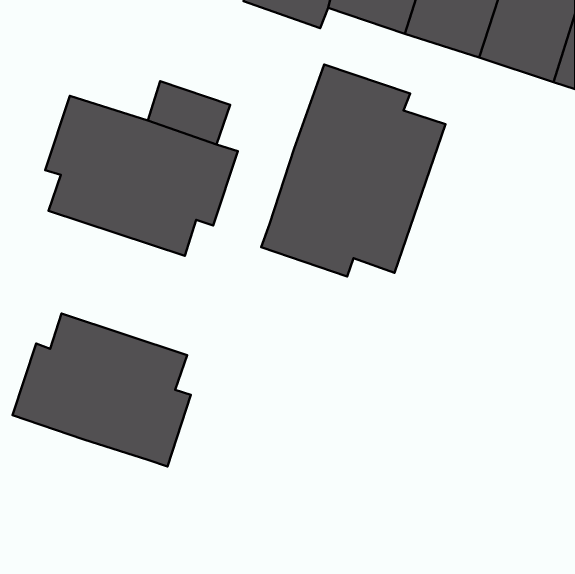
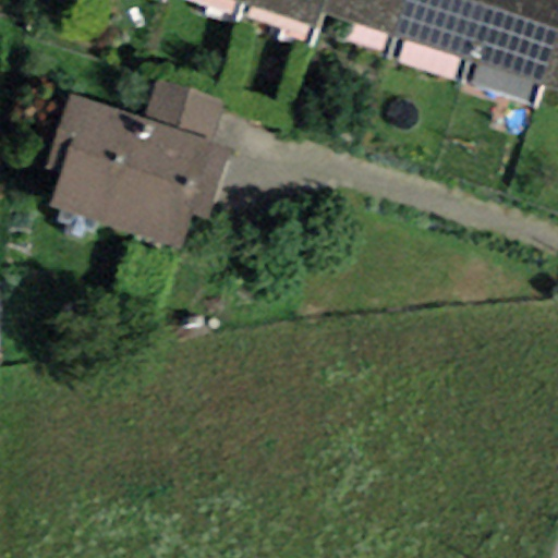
building: [261,64,445,277] -> none
building: [13,314,191,467] -> none

